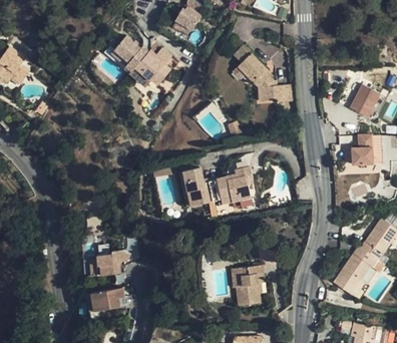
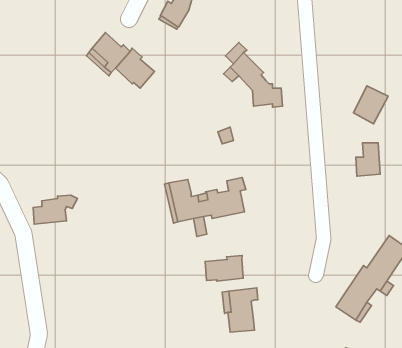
building: none -> [205,255,243,281]
building: [90,250,130,276] -> [33,195,78,224]
building: [91,288,124,311] -> none

